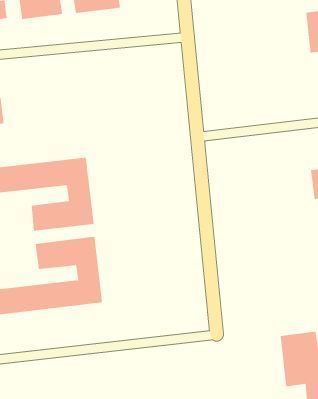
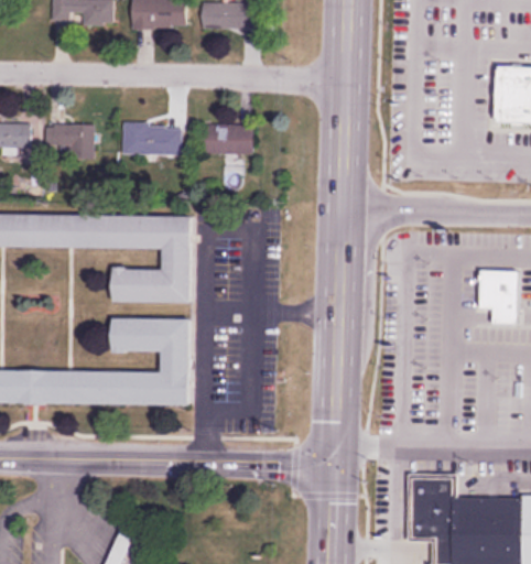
building: none -> [198,126,253,154]
building: none -> [123,124,182,156]

